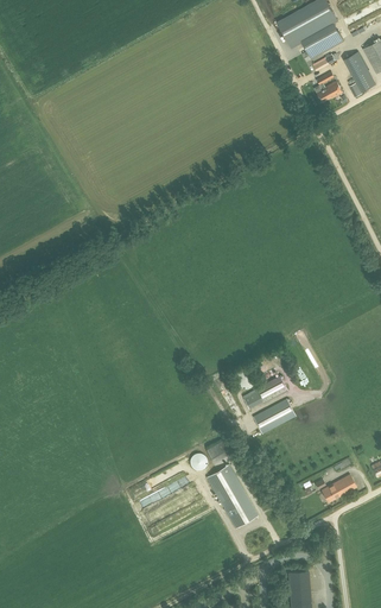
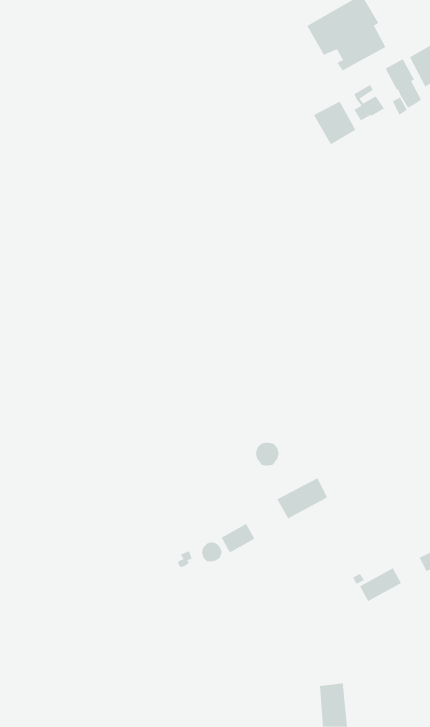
building: none -> [313,101,356,145]
building: [241,374,287,408] -> none
building: [205,464,258,527] -> none

